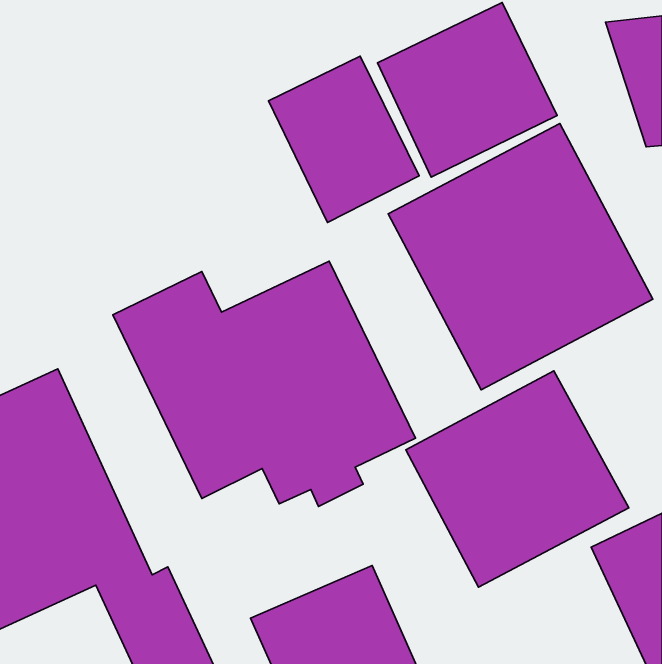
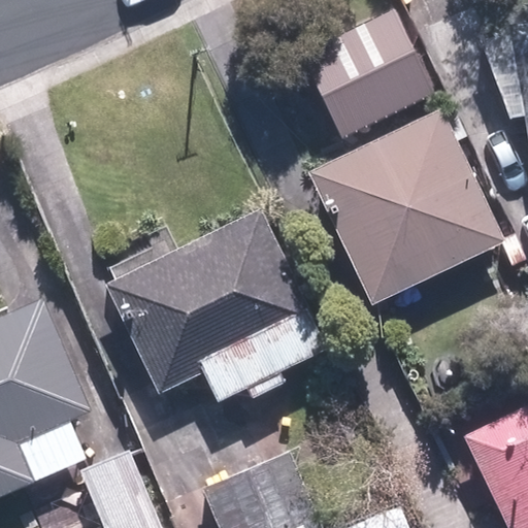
building: [268,56,419,222] -> none
building: [406,371,629,587] -> none

